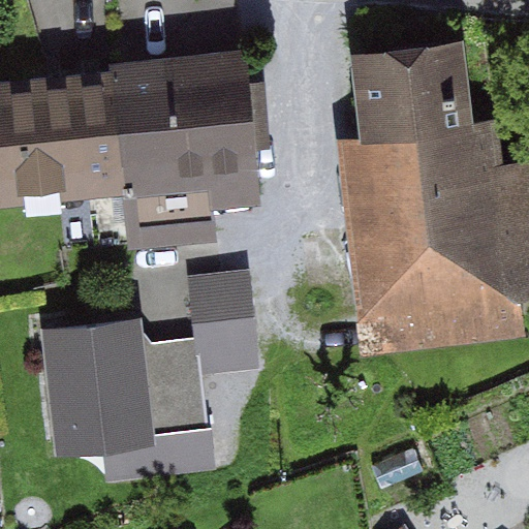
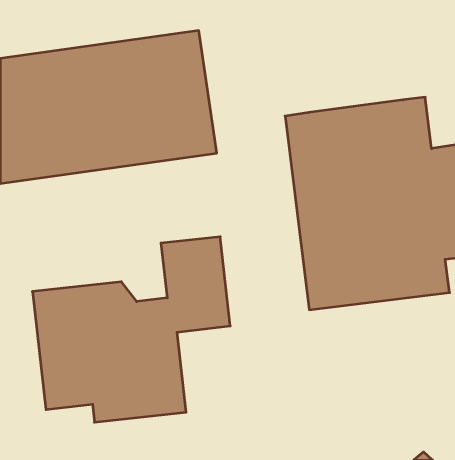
building: [348,32,468,129] -> none

